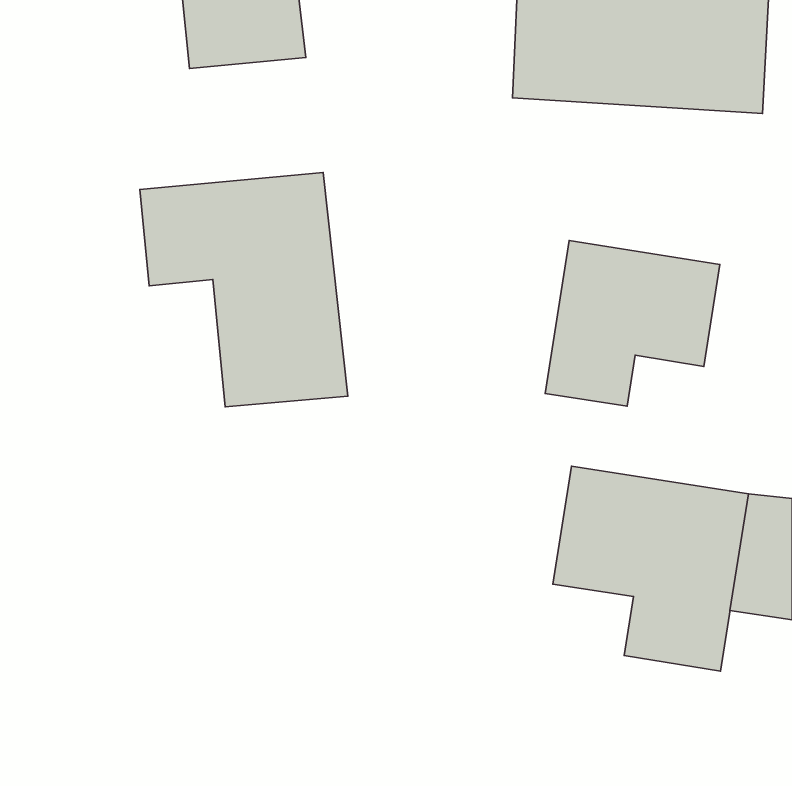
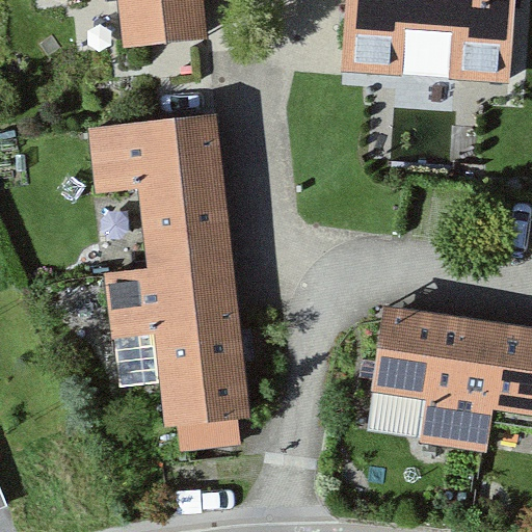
building: [545,241,720,406] -> none
building: none -> [106,265,246,446]

